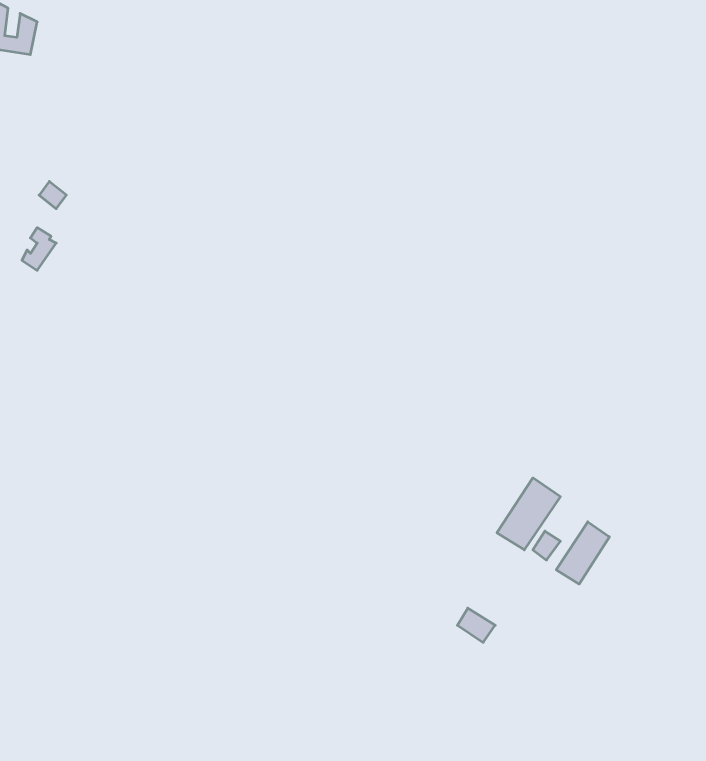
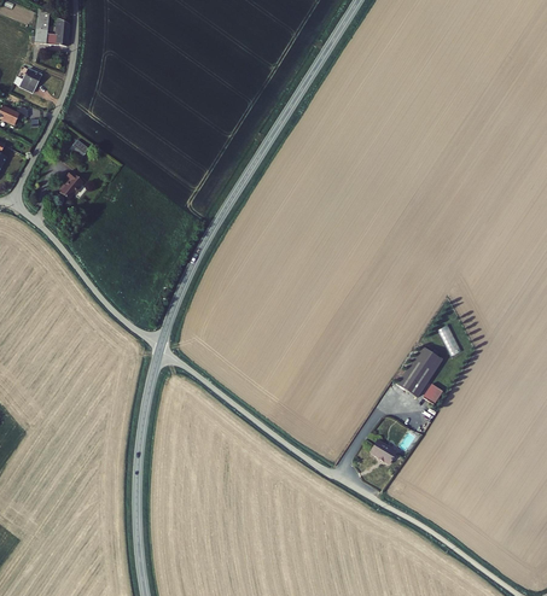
building: [556,522,609,584] -> none

